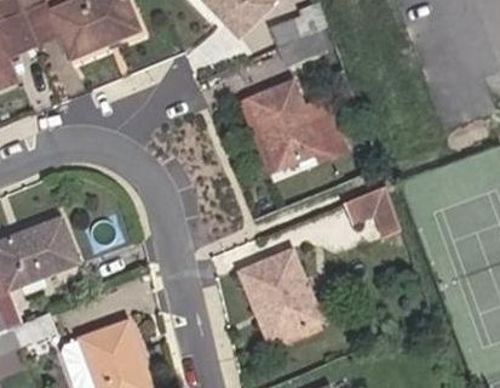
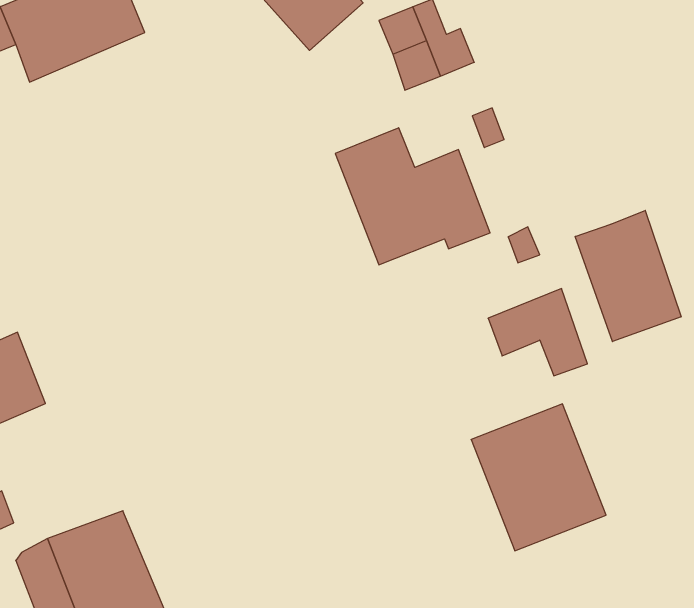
building: none -> [575,210,681,342]
building: [241,255,323,344] -> [471,404,606,551]

